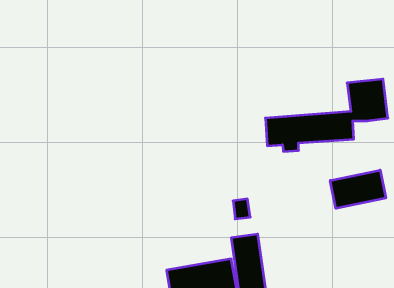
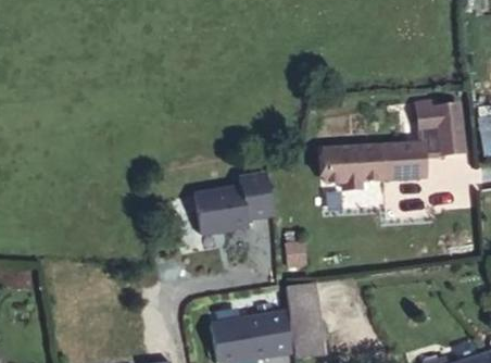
building: none -> [196,174,274,234]
building: [330,170,386,208] -> none

